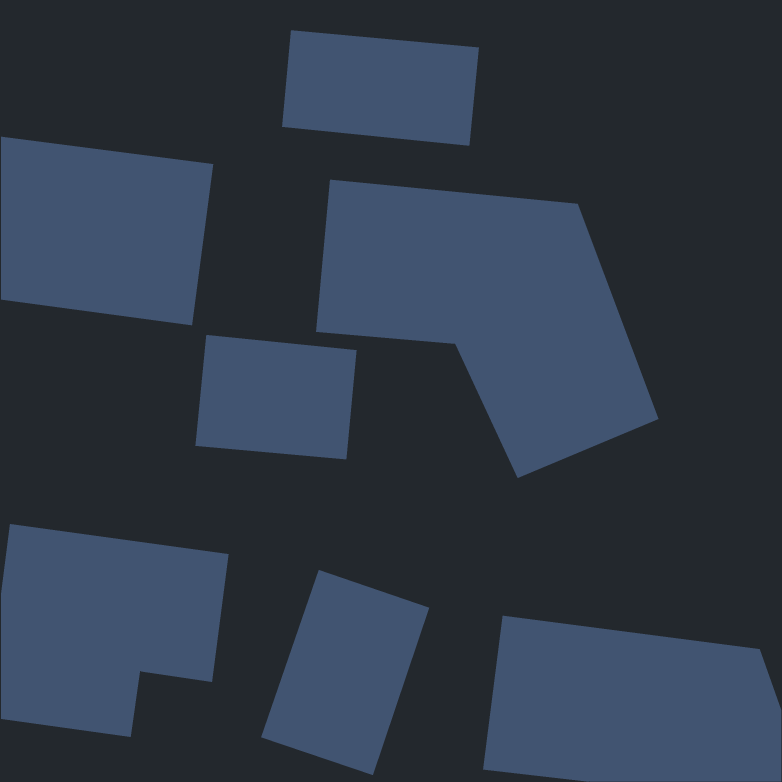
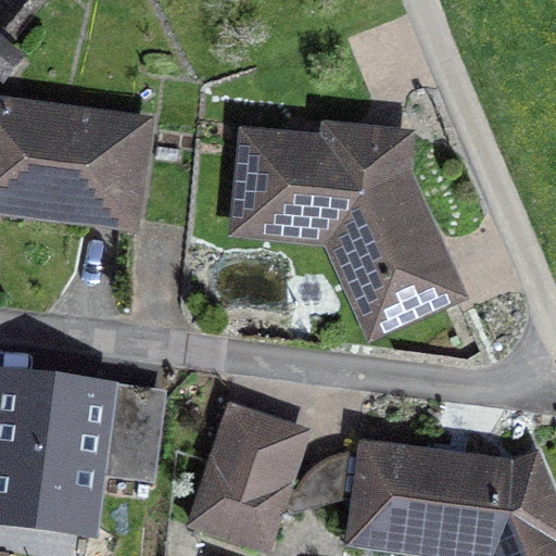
building: [281,29,480,146] -> none
building: [195,334,357,460] -> none

